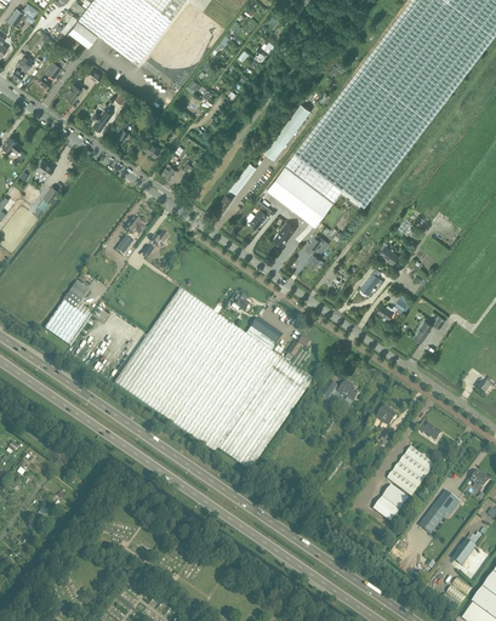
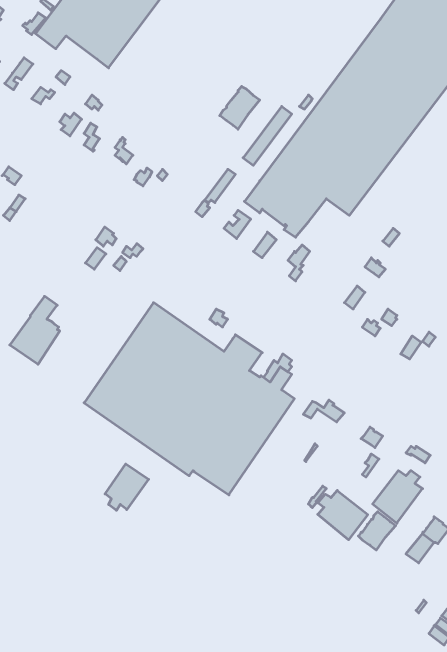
building: none -> [220,86,260,129]
building: none -> [105,464,149,510]
building: none -> [318,490,368,540]

